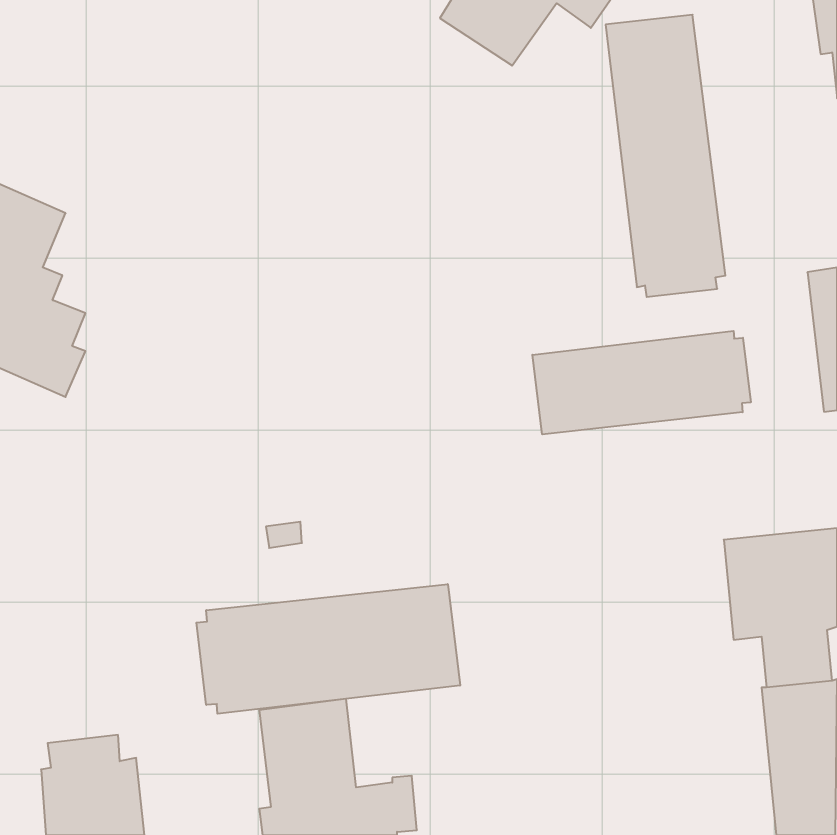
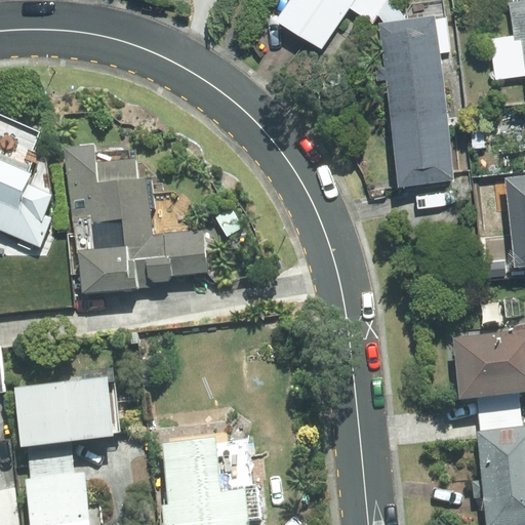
building: none -> [65,145,210,295]
building: [532,331,751,434] -> none
building: [196,584,460,714] -> none
building: none -> [15,379,115,465]

